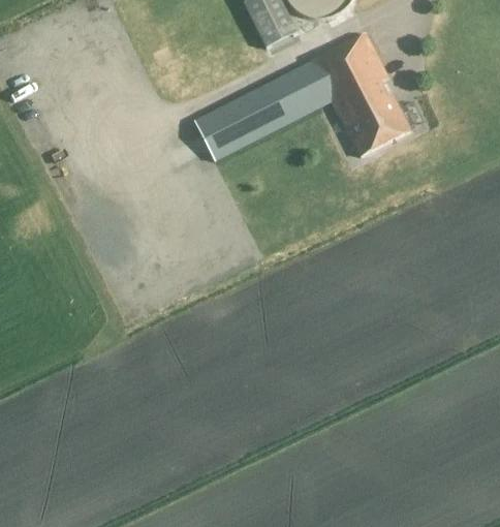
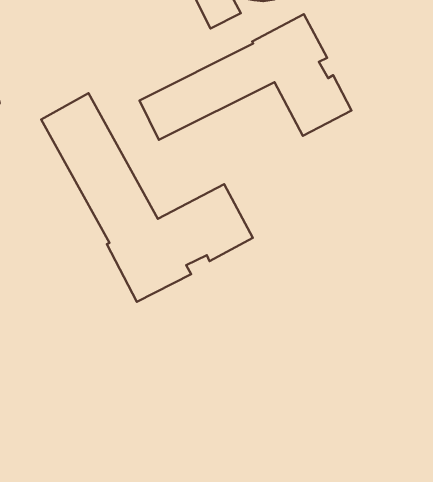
building: none -> [41,93,253,302]

